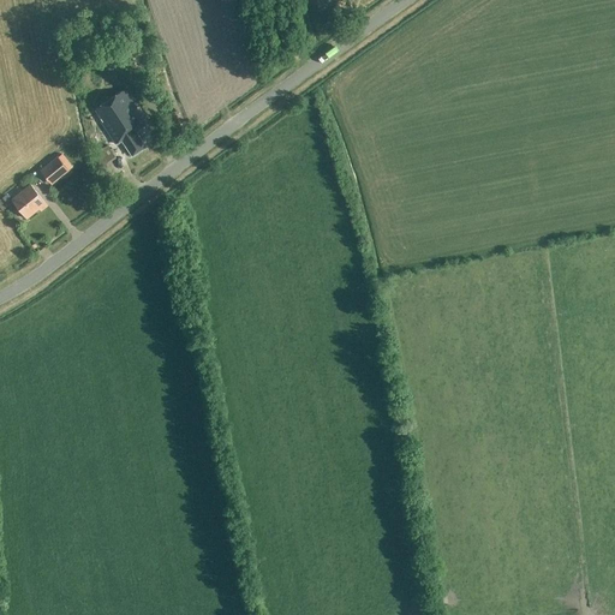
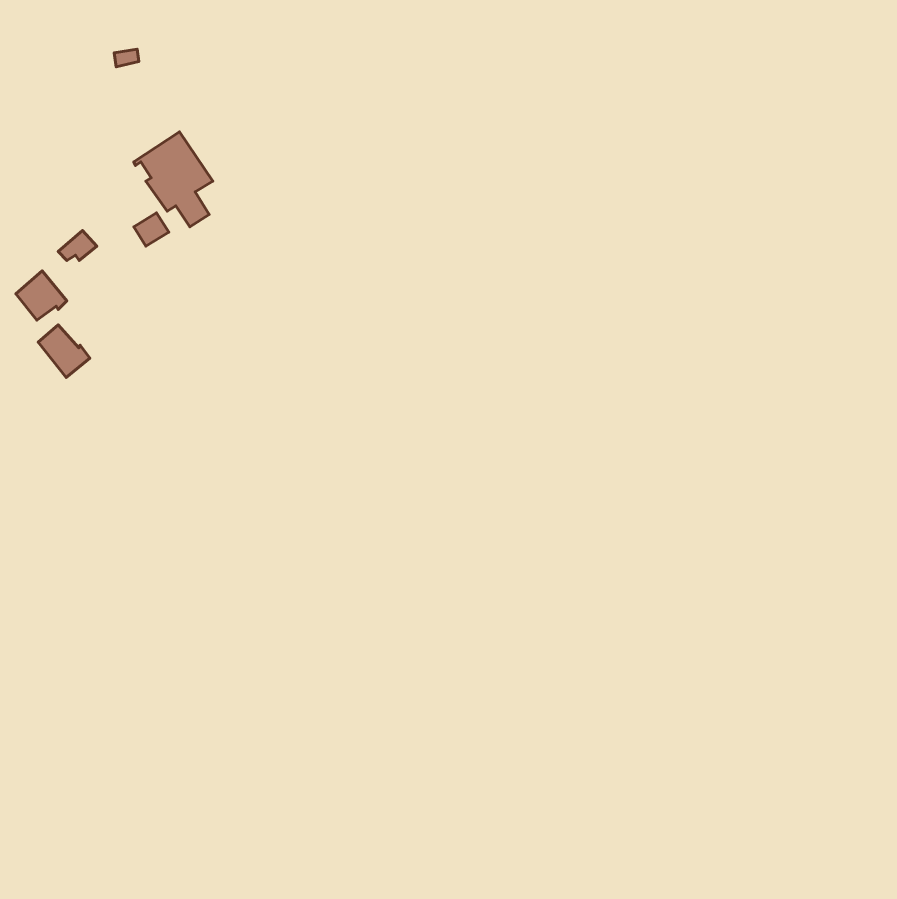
building: none -> [38,325,90,377]

